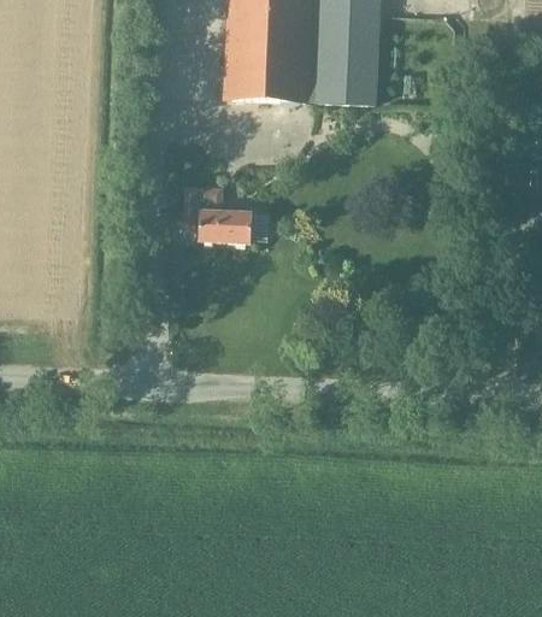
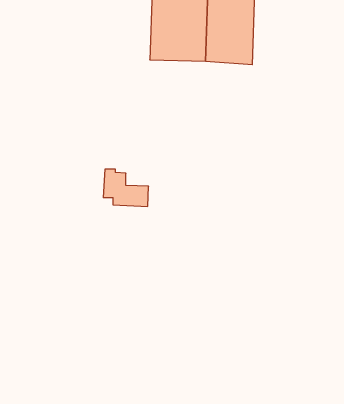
building: [187,187,254,242] -> [103,169,149,206]

